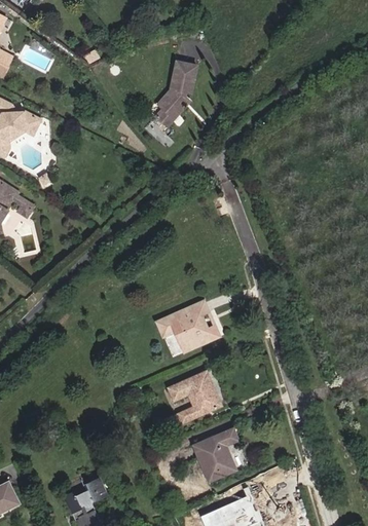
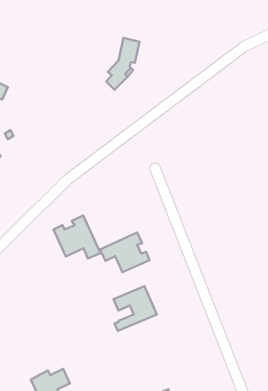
building: none -> [54,216,100,258]
building: [196,425,242,478] -> none

